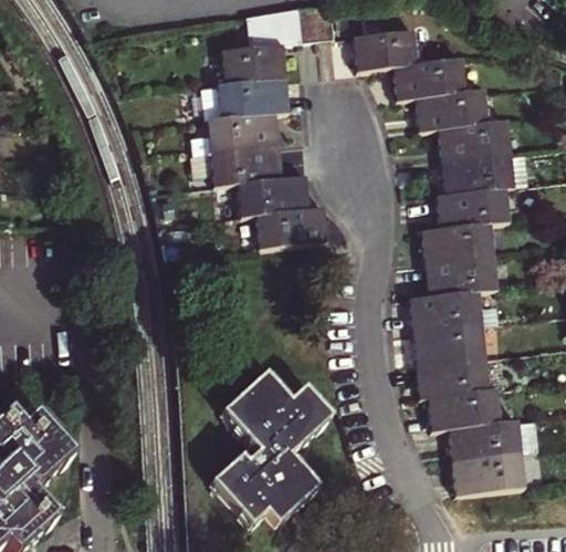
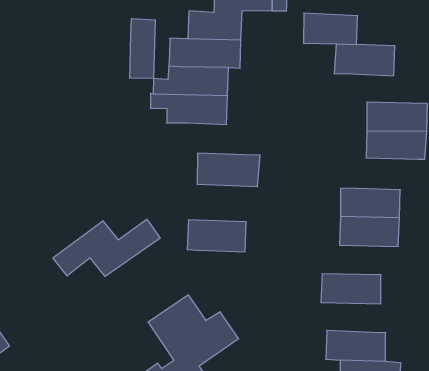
building: none -> [130,19,155,79]
building: [417,91,489,129] -> none
building: [238,173,307,213] -> [187,220,246,252]
building: [438,185,510,228] -> none
building: [410,290,482,331] -> none
building: none -> [53,219,160,276]
building: [418,356,491,396] -> none

